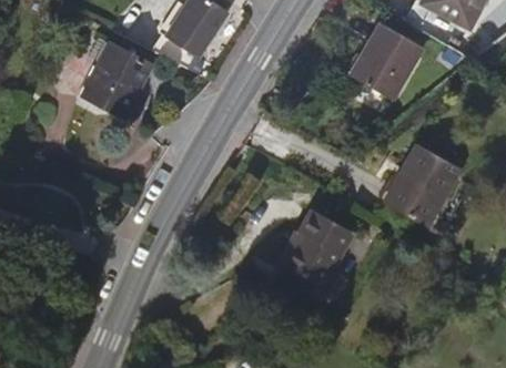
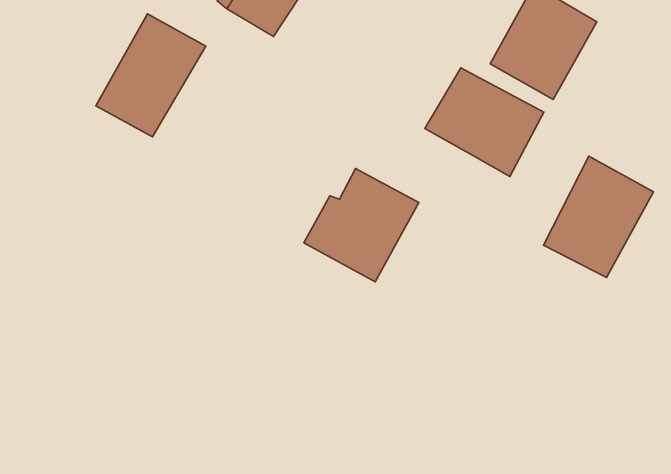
building: none -> [425,68,544,176]
building: [275,208,354,286] -> [304,168,419,282]

